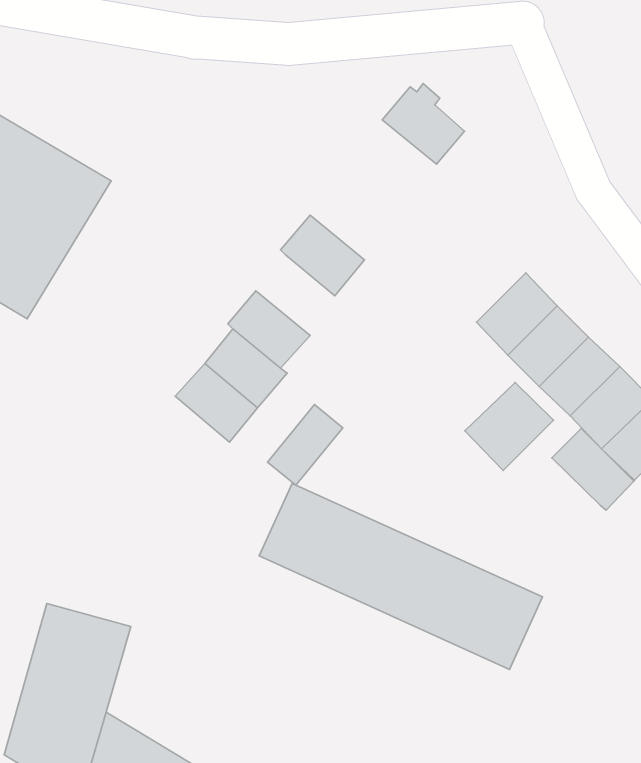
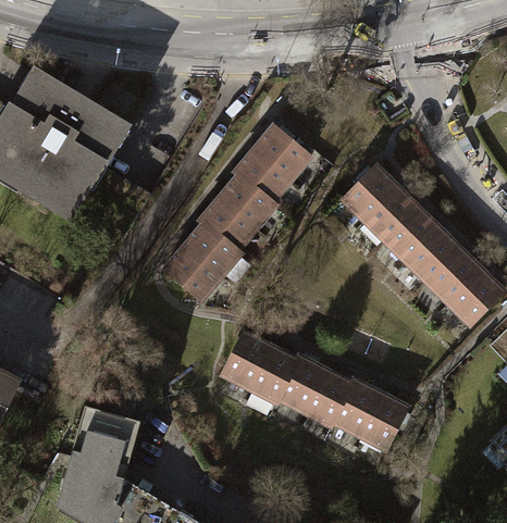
building: [382,84,464,164] -> [256,126,310,179]
building: none -> [345,167,398,221]
building: none -> [220,176,275,229]
building: [465,382,554,471] -> none
building: [268,405,343,485] -> none
building: [552,428,634,510] -> none

